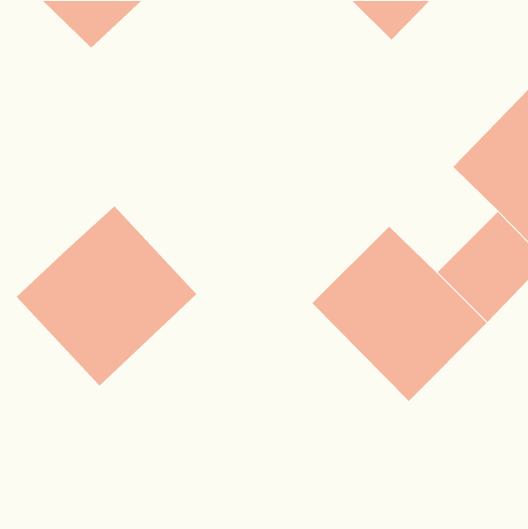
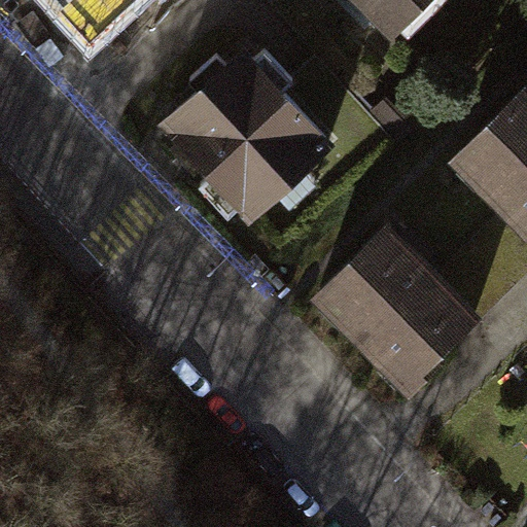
building: none -> [154,42,323,213]
building: [16,206,197,387] -> none

